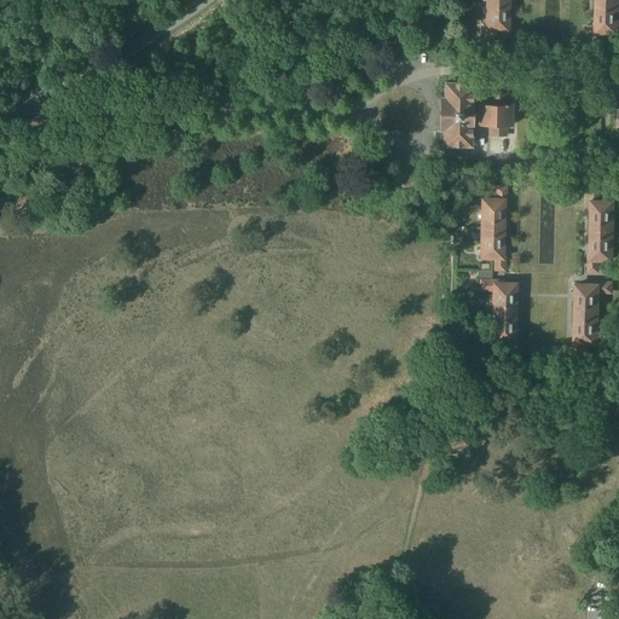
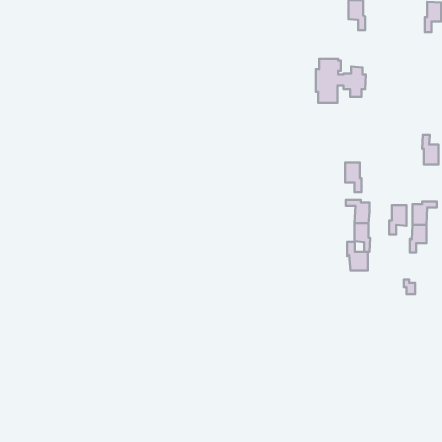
building: [482,186,507,227] -> none
building: [589,230,613,271] -> [389,205,407,234]
building: none -> [347,242,368,271]

